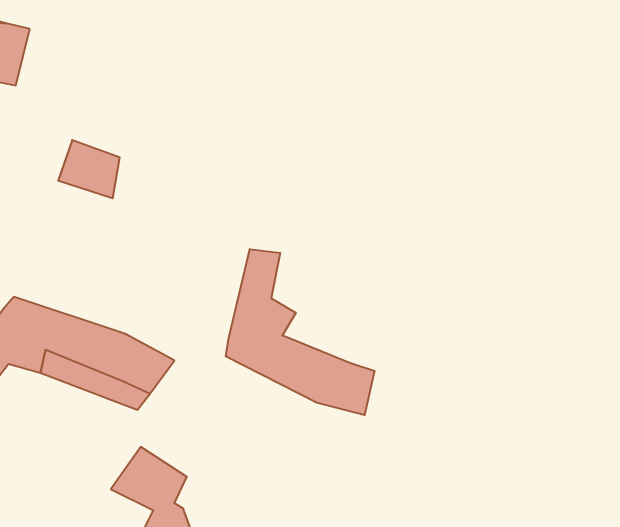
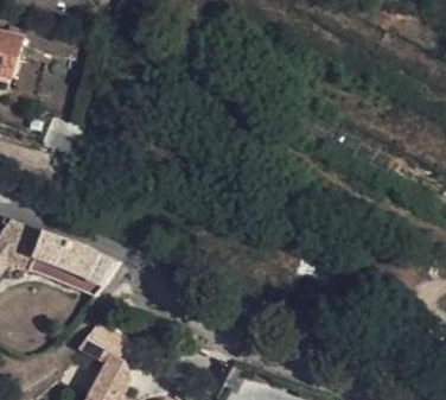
building: [226,249,375,415] -> none

